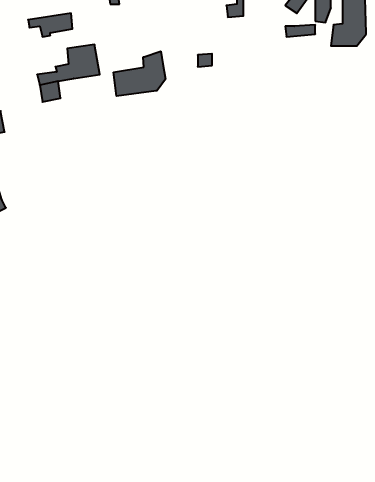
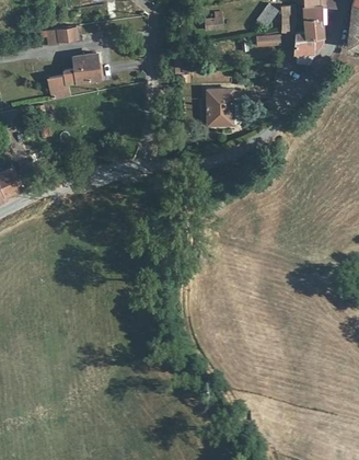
building: [114,51,166,96] -> none
building: none -> [207,89,233,125]

